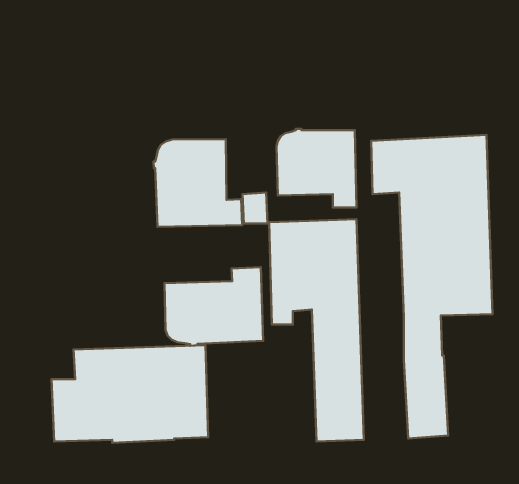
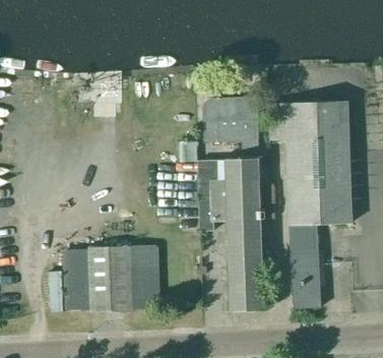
building: [153,139,242,227] -> none
building: [164,267,263,346] -> none

